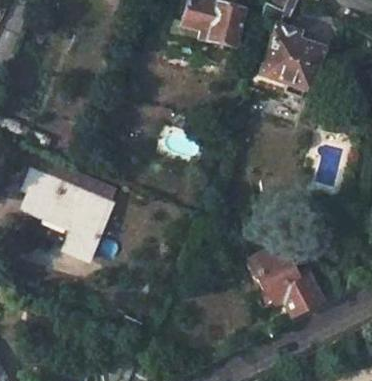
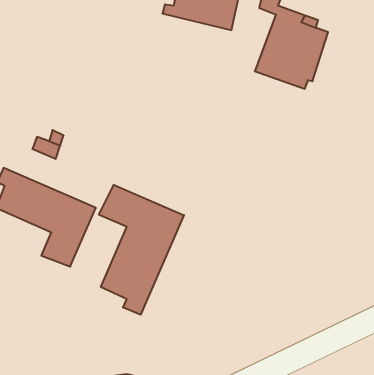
building: none -> [99,185,184,315]
building: [253,247,342,315] -> none

